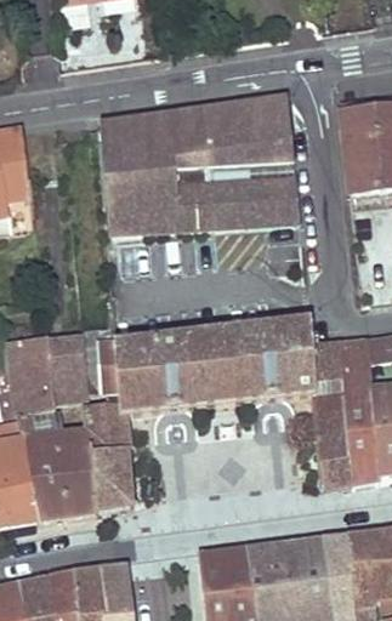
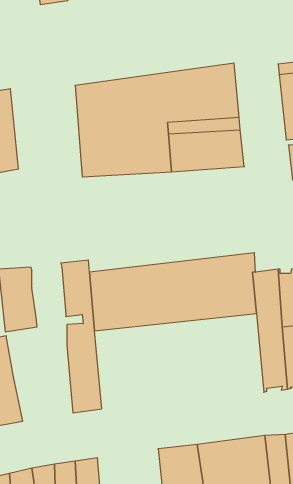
building: [49,338,89,398] -> none
building: [17,409,97,520] -> none

